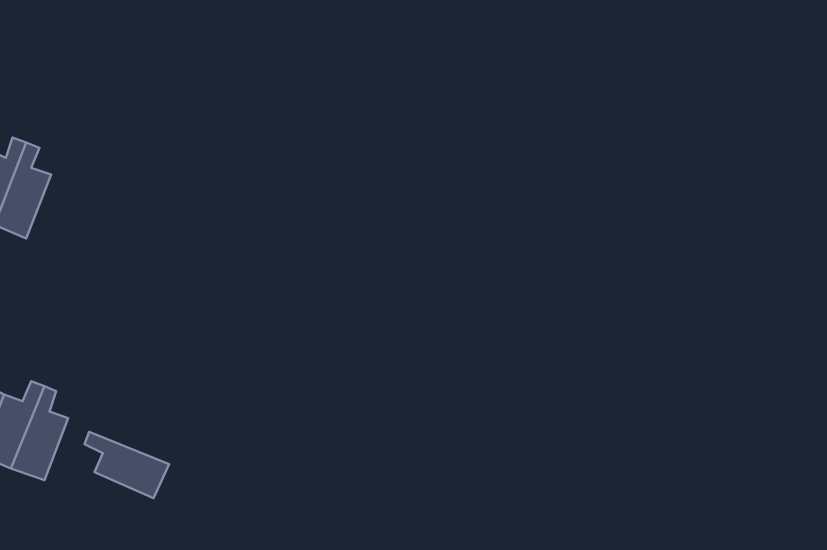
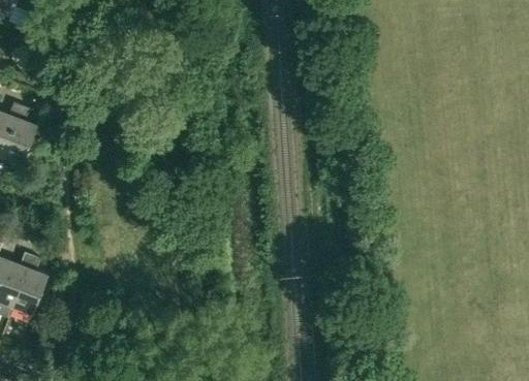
building: [84,432,169,498] -> none

